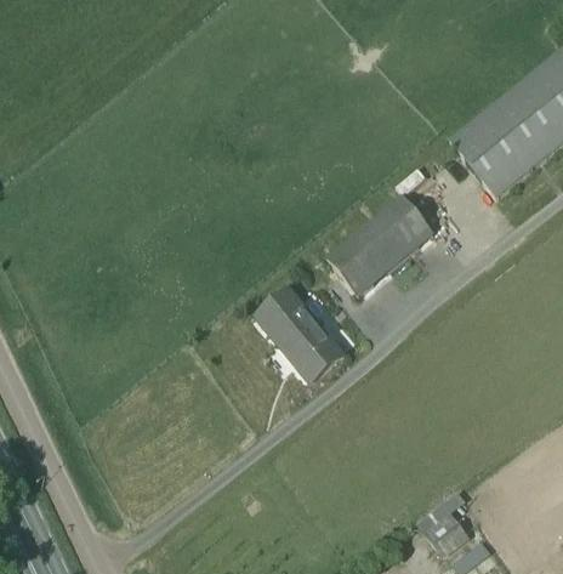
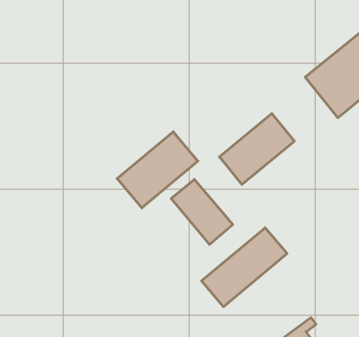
building: none -> [117,132,198,208]
building: none -> [202,228,287,307]

